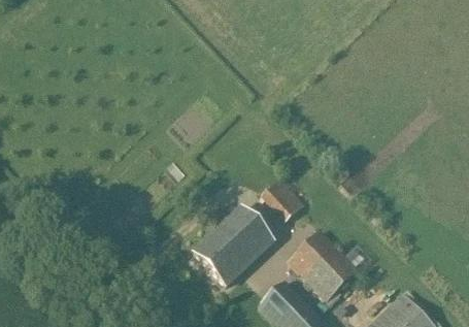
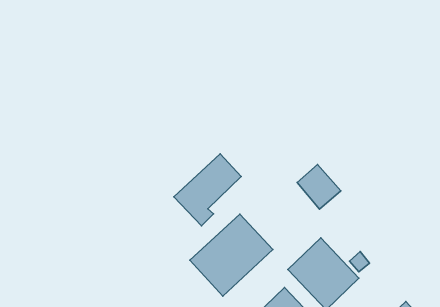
building: none -> [174,154,241,226]
building: [260,176,302,220] -> [297,164,341,209]

